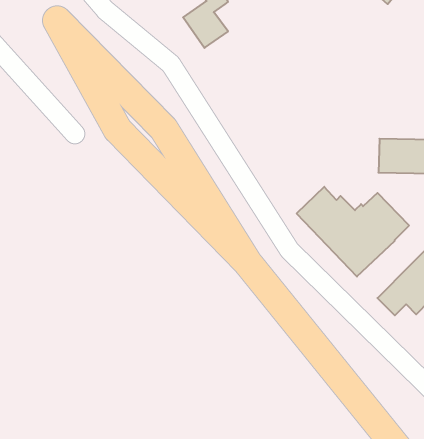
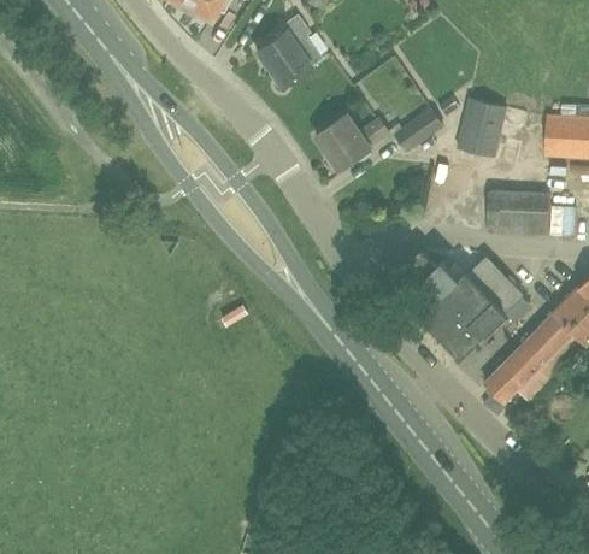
building: none -> [457,95,507,157]
building: none -> [394,106,446,153]
building: none -> [316,112,389,169]

